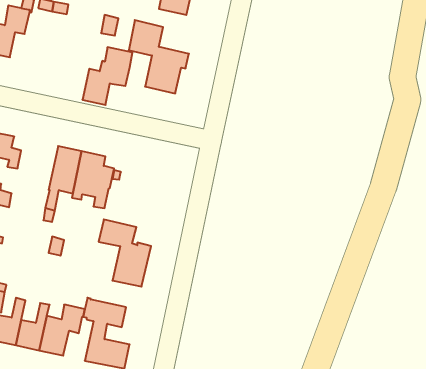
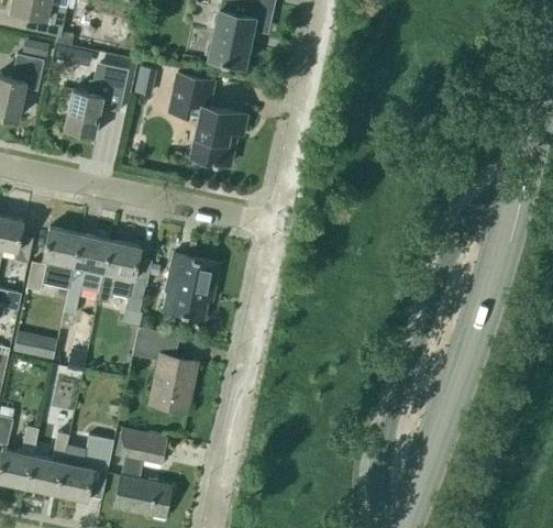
building: [82,47,132,105] -> [64,63,128,136]
building: none -> [25,227,79,292]
building: none -> [161,252,218,320]
building: none -> [13,332,57,361]

